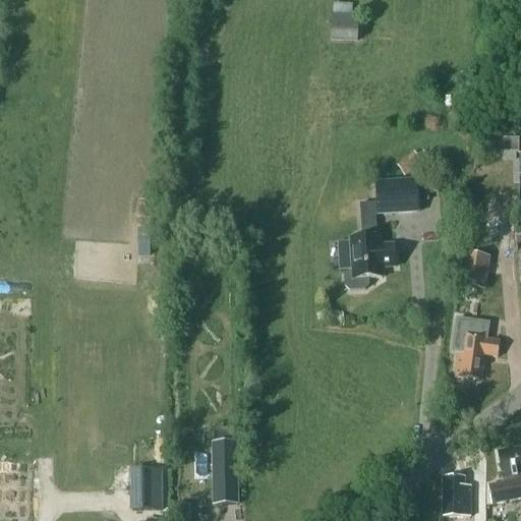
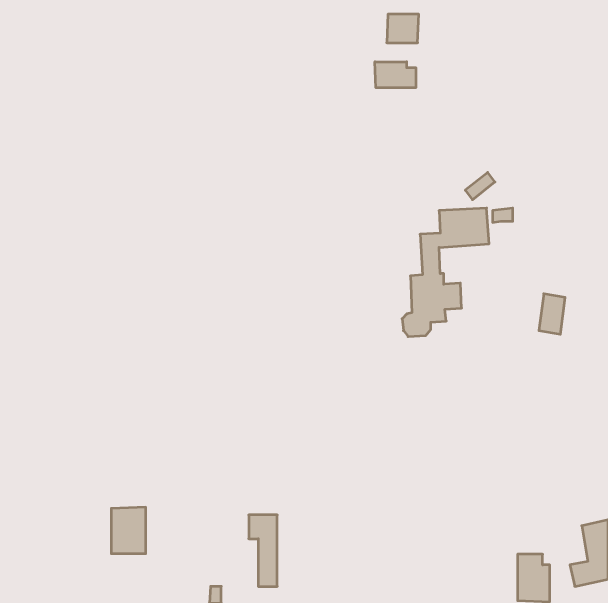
building: none -> [375,62,416,88]
building: [453,321,500,378] -> none
building: [131,468,161,508] -> [111,507,146,554]

